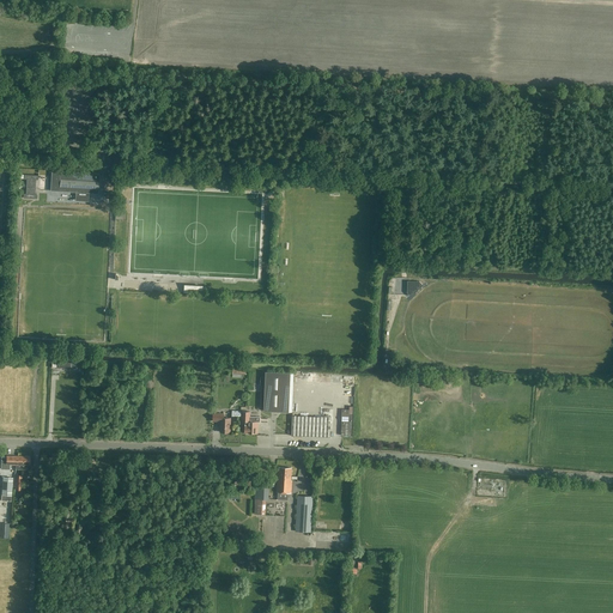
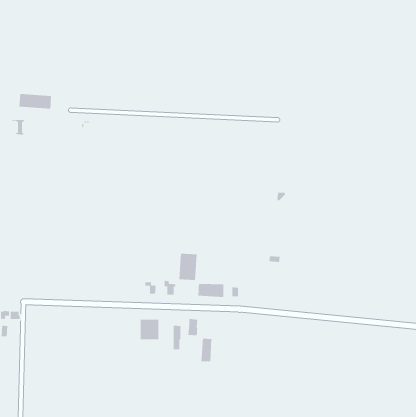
building: [49,170,98,194] -> [19,93,52,110]
building: none -> [140,319,159,340]

